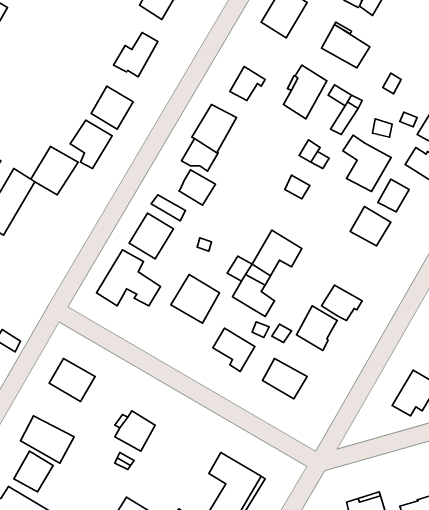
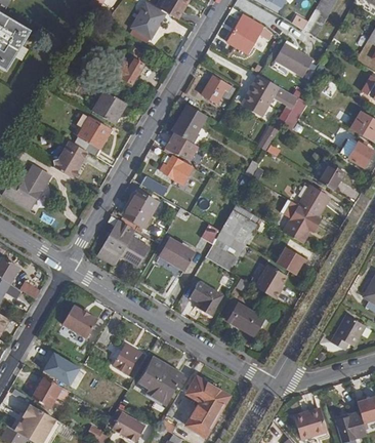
building: [343,135,391,191] -> [280,198,318,242]
building: none -> [138,358,183,403]

